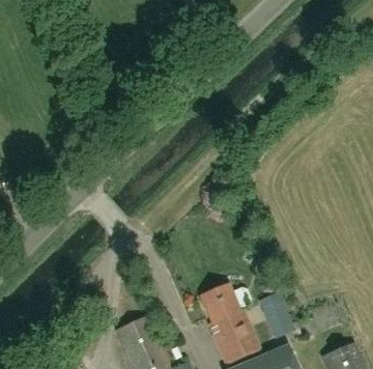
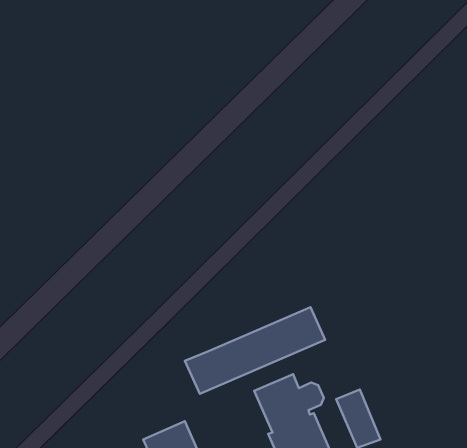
building: none -> [185,307,325,394]

